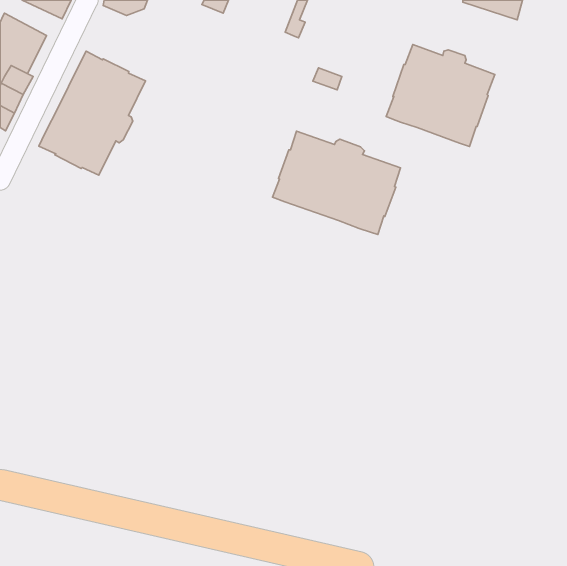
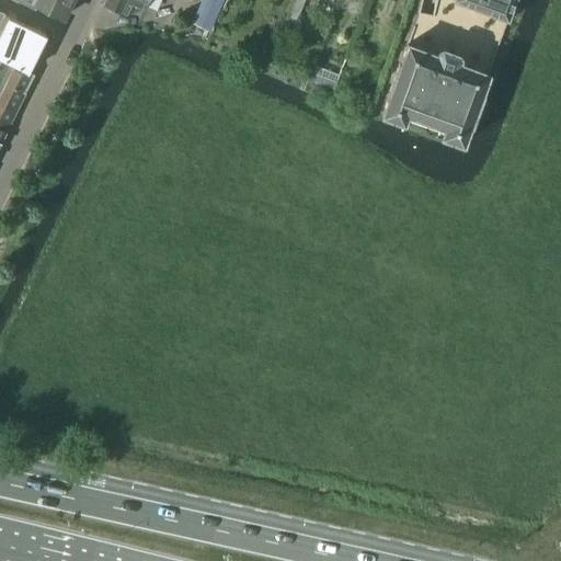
building: [39,51,146,175] -> none
building: [273,131,401,235] -> none

